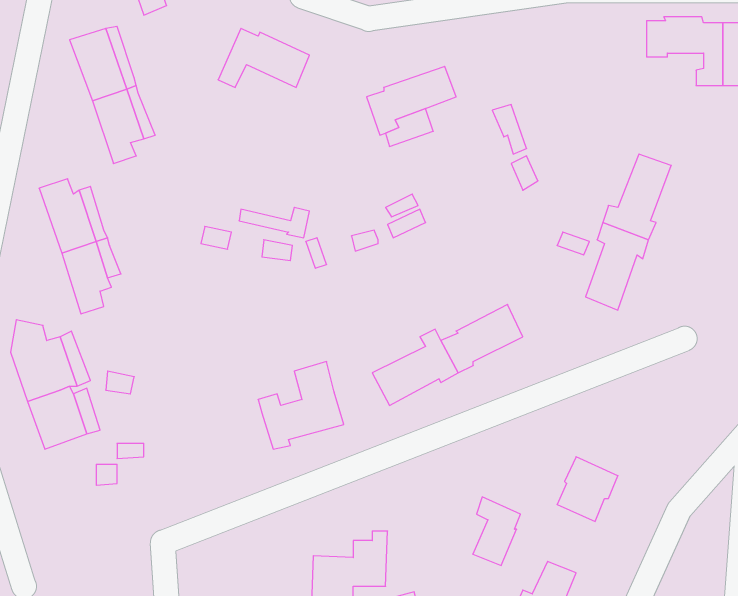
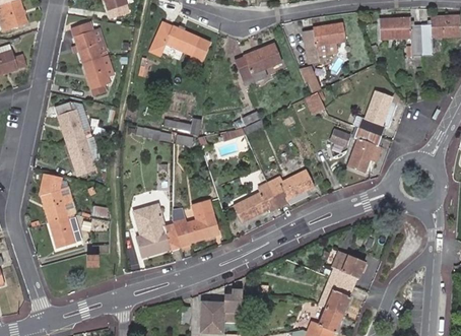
building: none -> [302,22,345,57]
building: none -> [133,205,180,255]
building: [473,497,520,565] -> [326,276,351,313]

